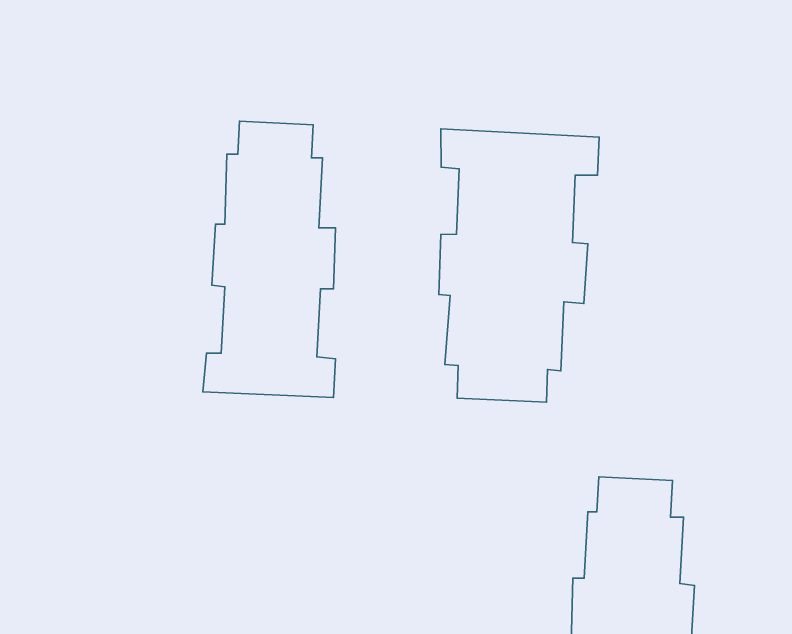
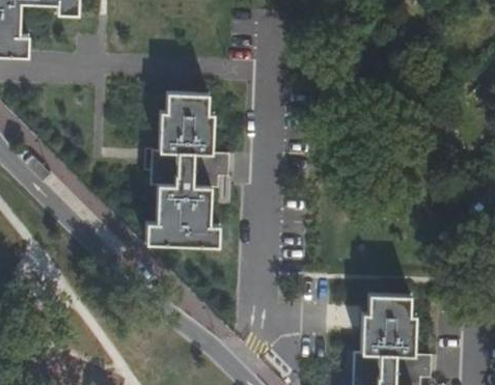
building: [439,129,599,402] -> none

